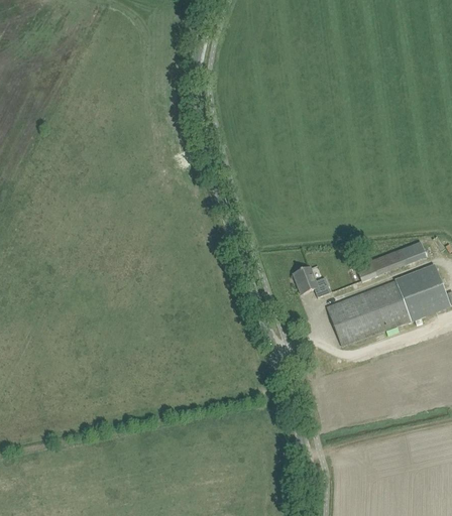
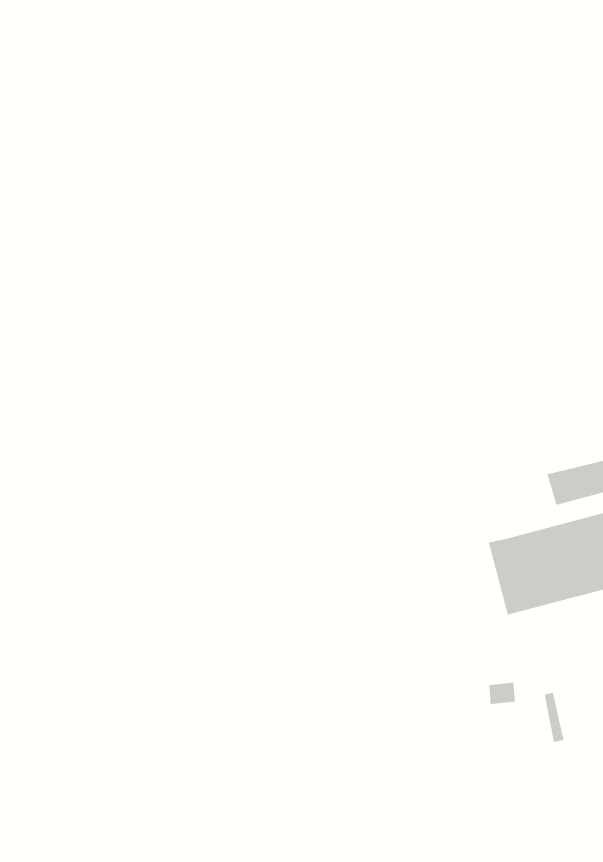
building: [293,267,329,297] -> none

